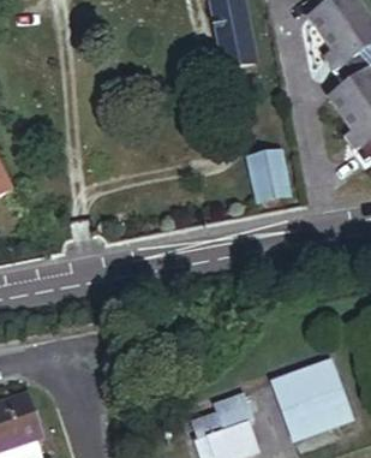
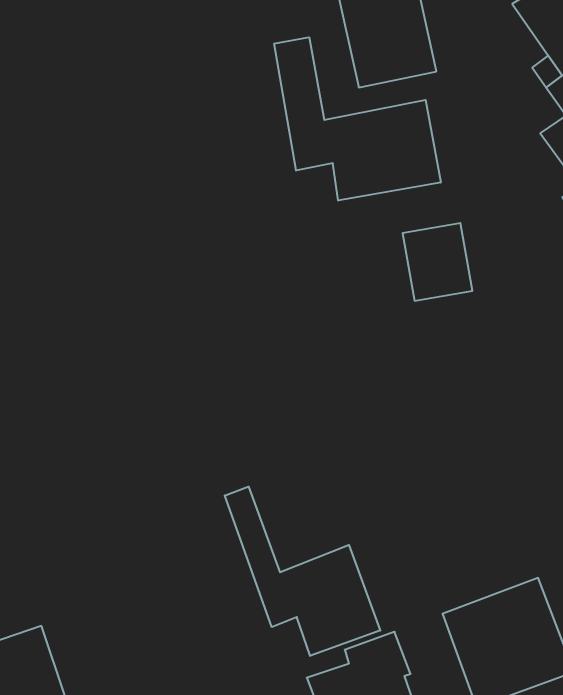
building: none -> [274,37,441,201]
building: none -> [225,487,380,656]

